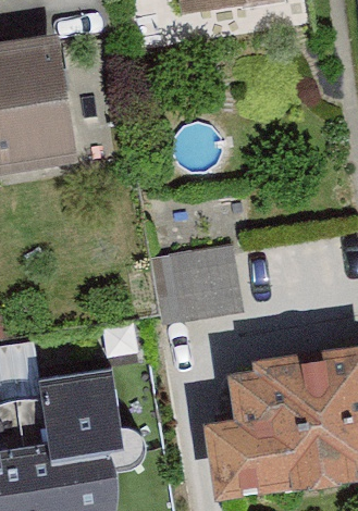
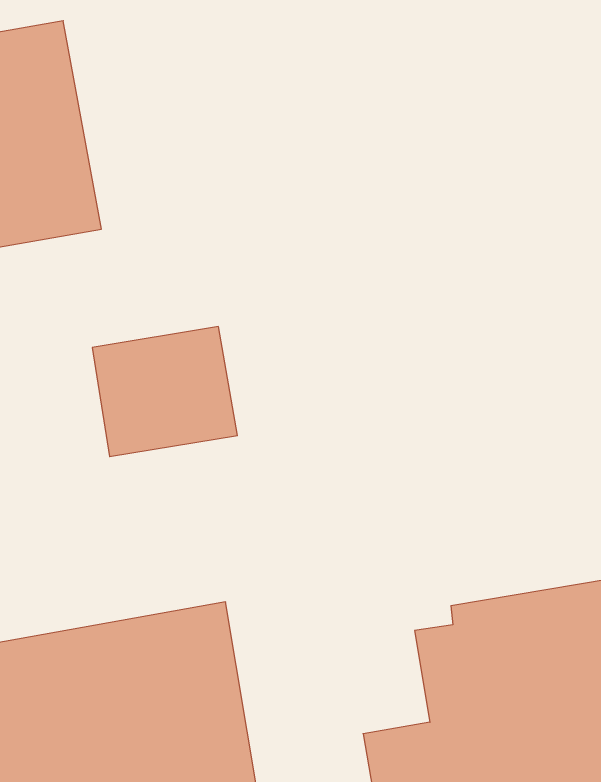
building: [150,247,233,321] -> [92,327,237,457]

